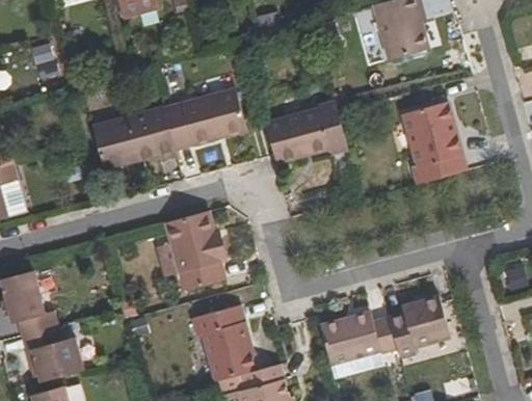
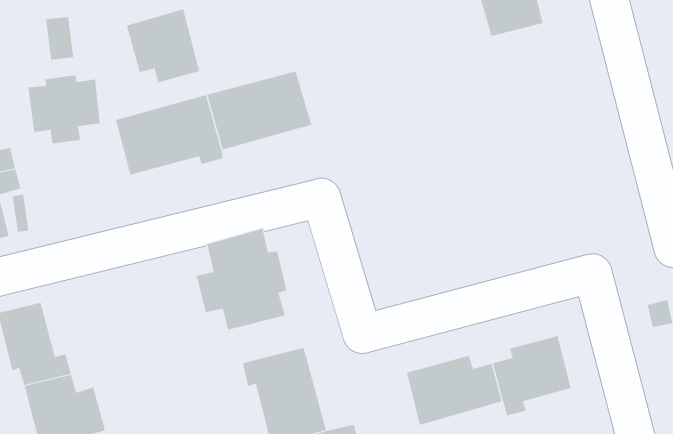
building: none -> [126,8,200,83]
building: none -> [28,74,100,144]
building: [265,101,348,163] -> none
building: [401,101,467,184] -> none

